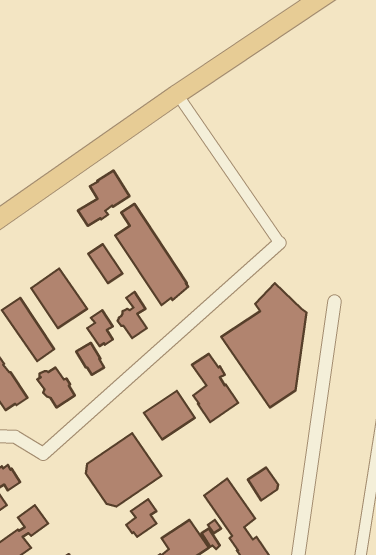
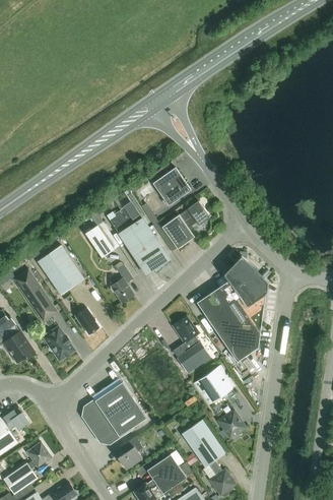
building: [78,170,129,226] -> none
building: none -> [152,167,191,205]
building: none -> [161,200,210,249]
building: [87,310,113,346] -> none
building: [144,391,195,440] -> [193,365,236,405]

